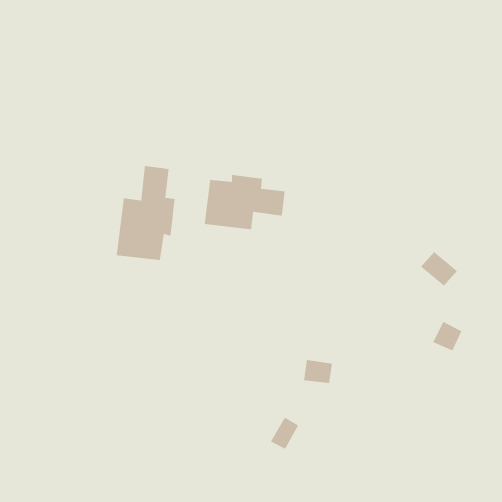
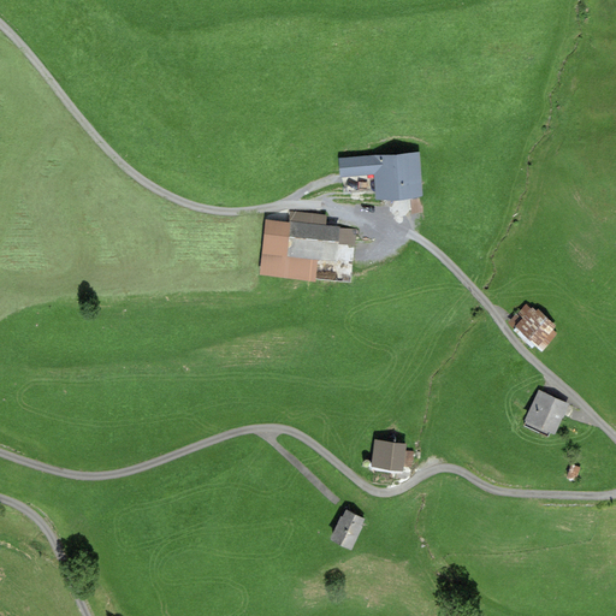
building: none -> [345,155,419,192]
building: [116,165,176,261] -> none

